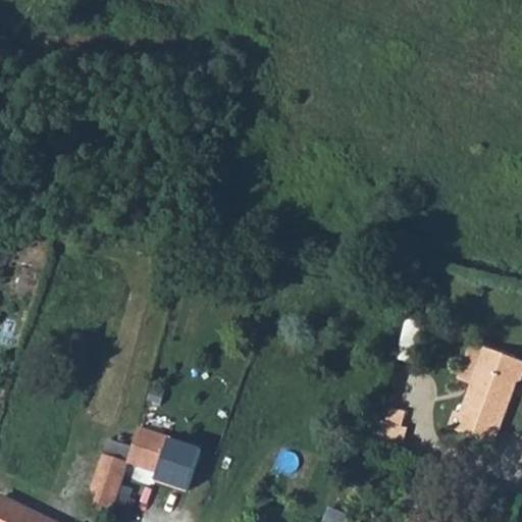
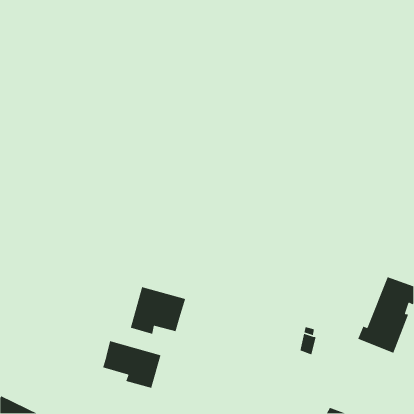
building: none -> [130,286,186,335]
building: [85,438,132,511] -> none

